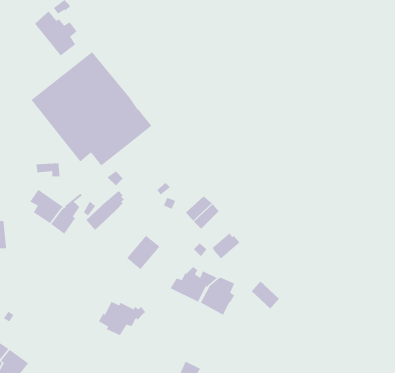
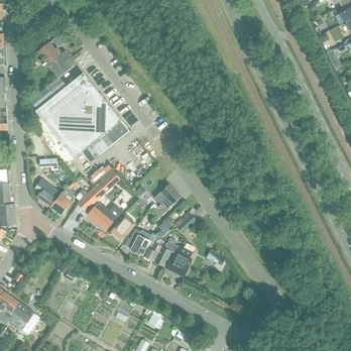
building: none -> [88,203,121,229]
building: [98,301,147,336] -> [124,228,161,255]

